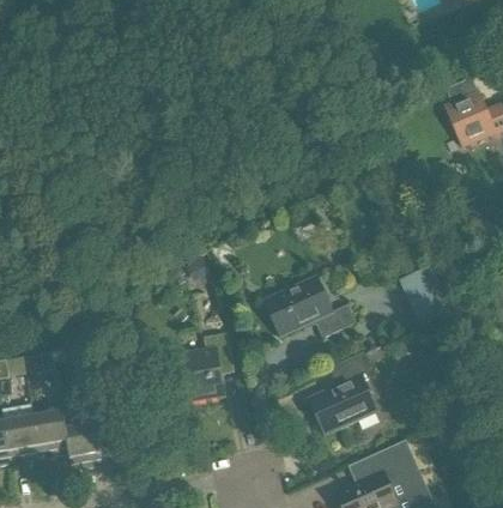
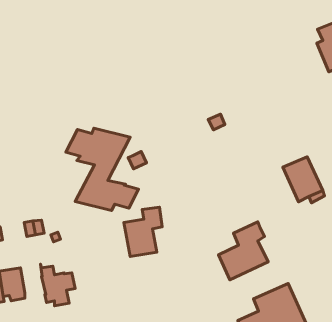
building: none -> [66,128,139,210]
building: [263,277,354,338] -> none
building: [35,412,69,456] -> none

